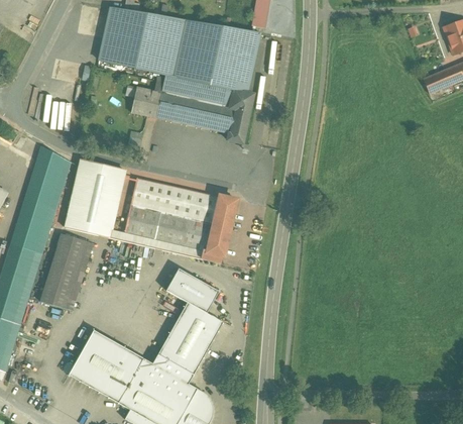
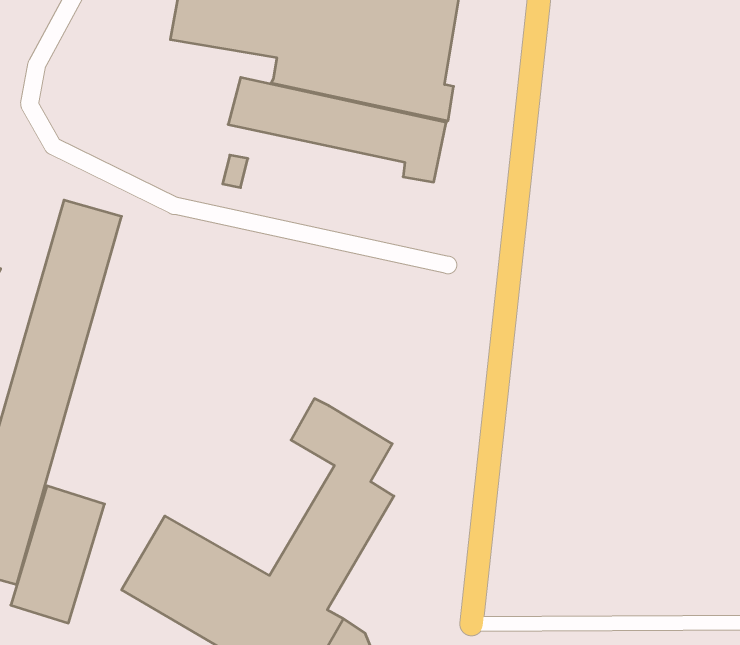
building: [64,160,239,262] -> none
building: [39,233,92,310] -> [11,486,105,623]

